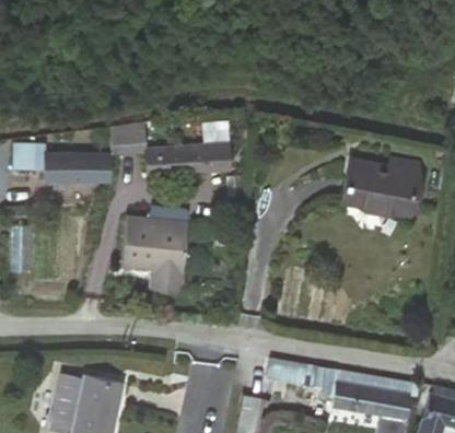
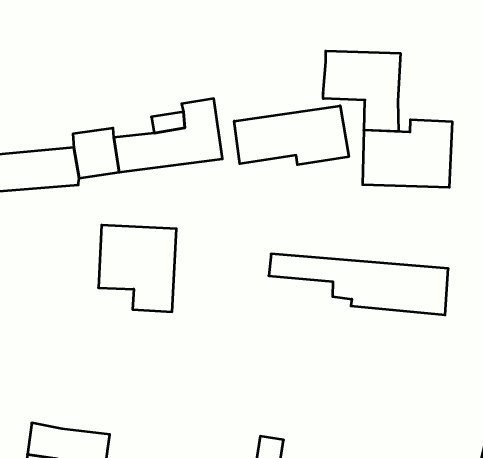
building: none -> [323,51,400,131]
building: none -> [234,106,349,165]
building: [268,362,413,422] -> [269,254,448,315]

